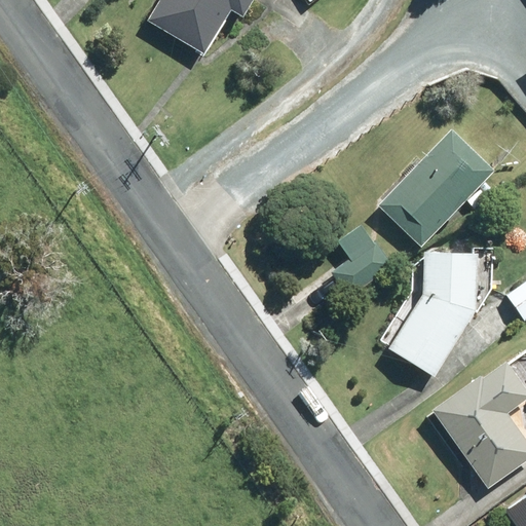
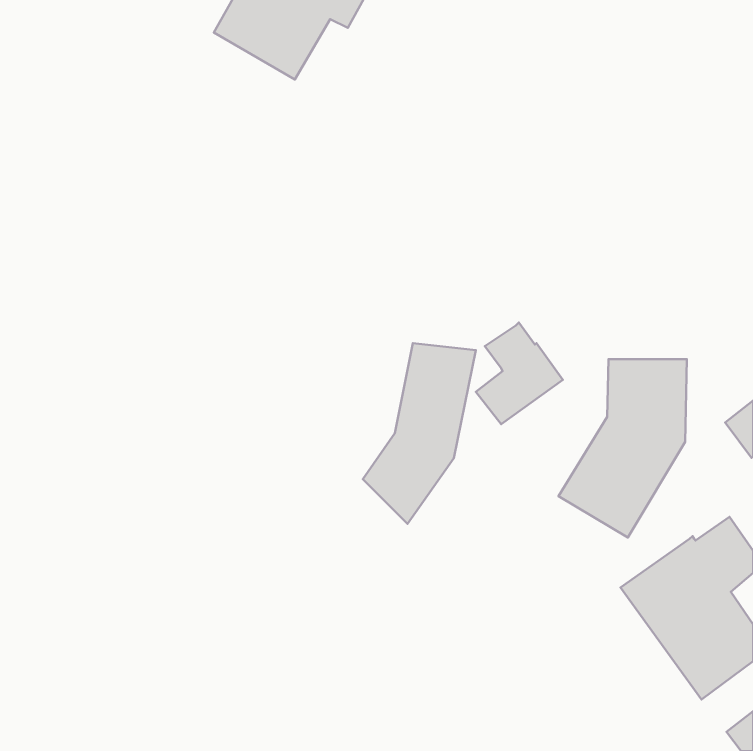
building: [377,129,493,248] -> none
building: none -> [363,343,476,524]

